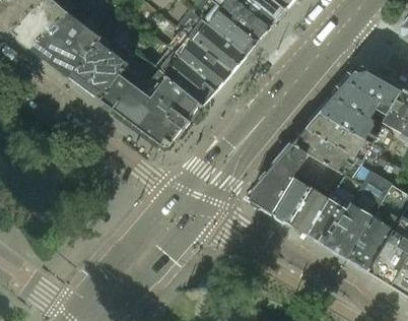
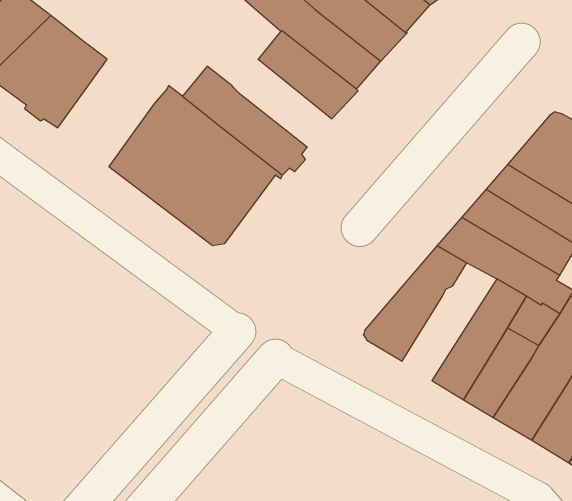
building: [174,38,230,88] -> none
building: [72,39,135,100] -> none
building: [271,155,326,223] -> none

